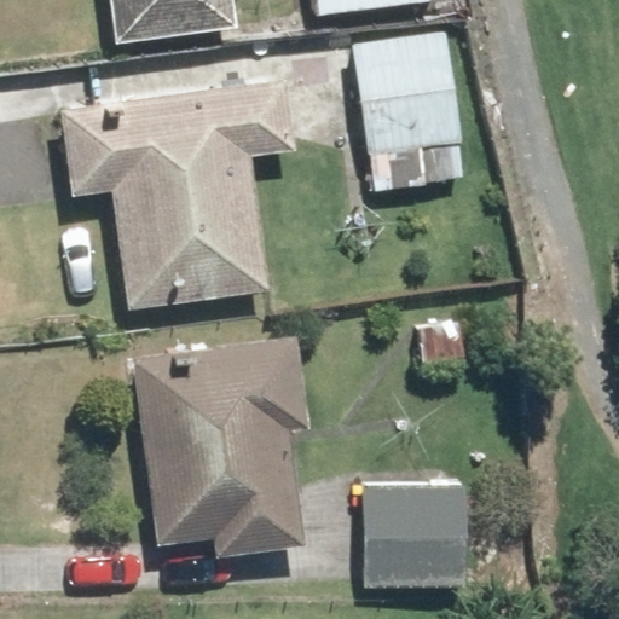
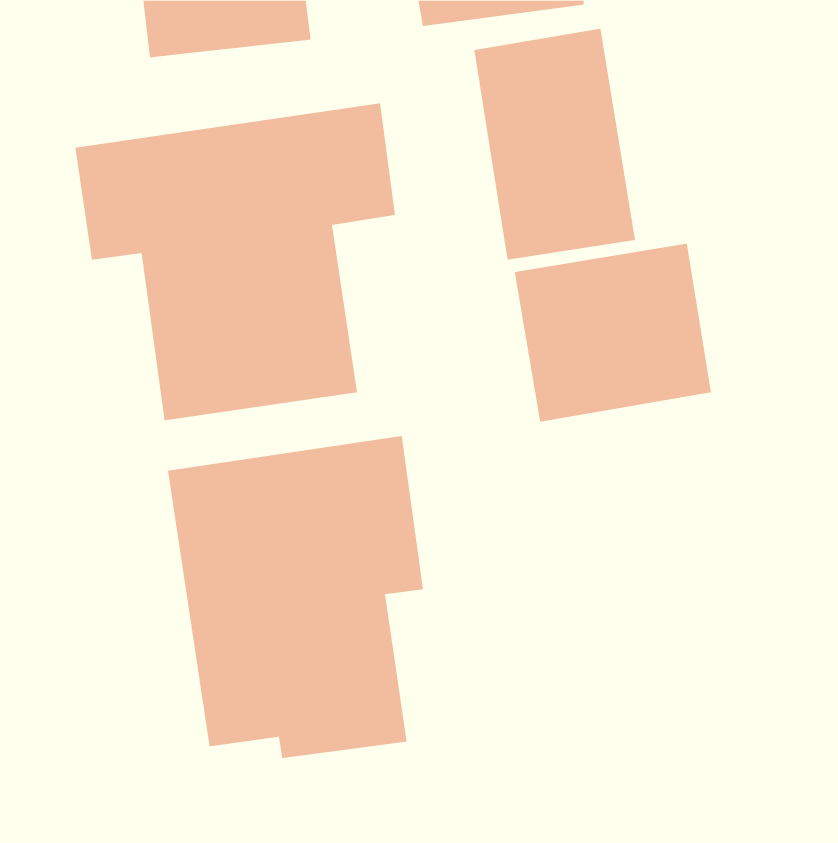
building: none -> [514,243,711,423]
building: [358,482,473,591] -> none

